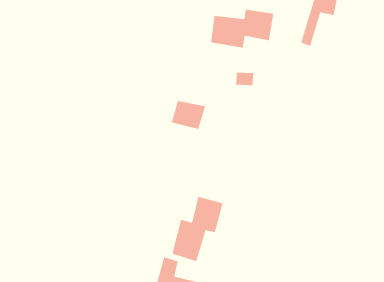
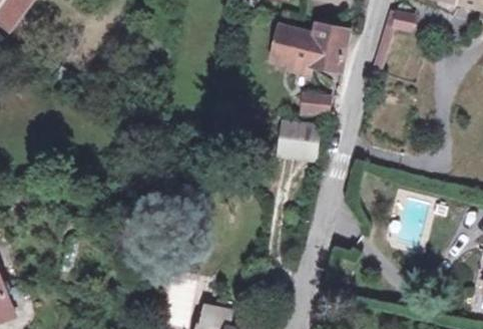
building: [171,100,206,130] -> [282,121,321,154]
building: [171,196,224,262] -> none

